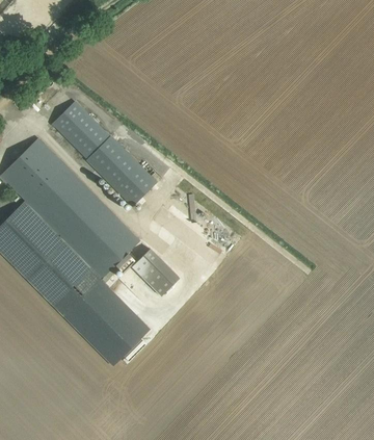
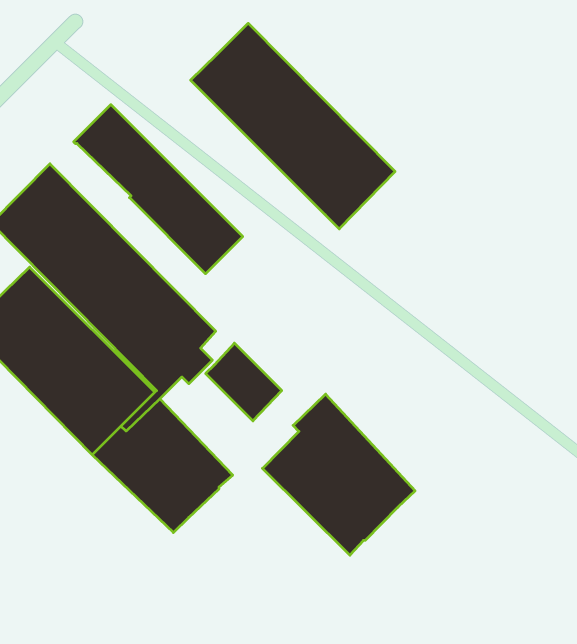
building: none -> [191,23,395,229]
building: none -> [262,394,415,555]

